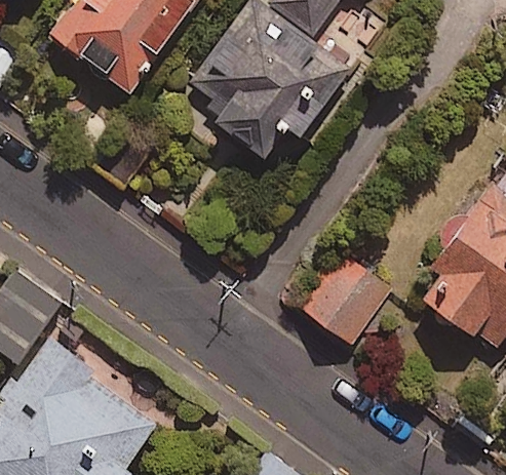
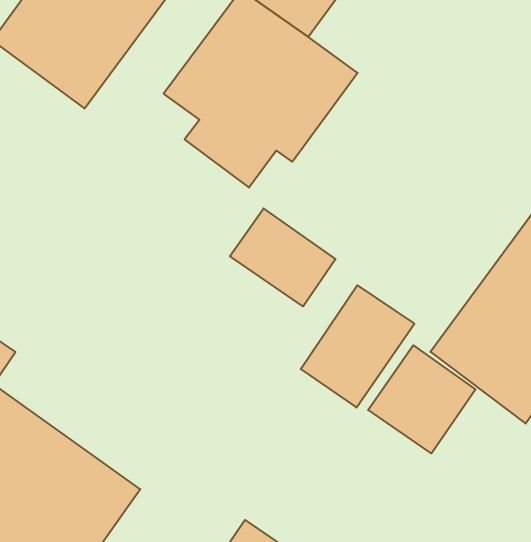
building: none -> [230,208,336,306]
building: none -> [368,345,476,453]

